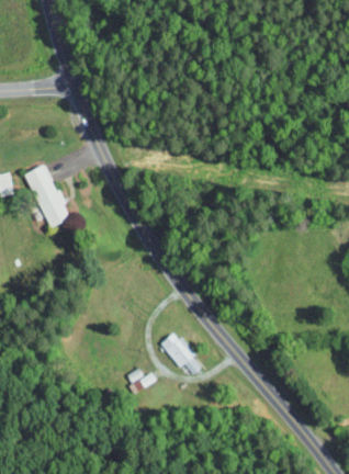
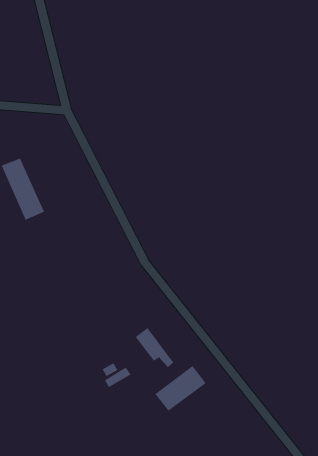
building: none -> [154,365,206,411]

